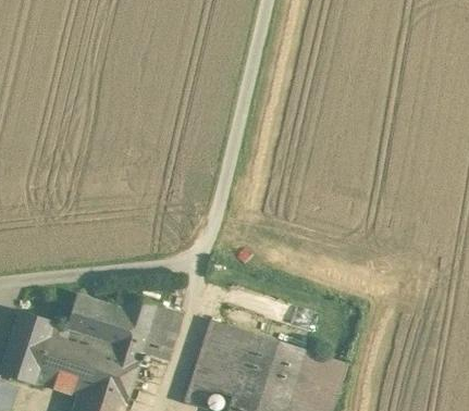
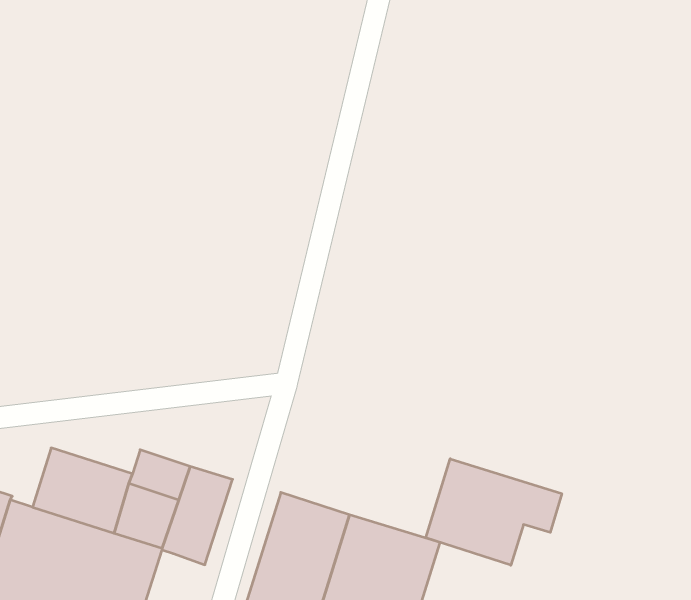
building: none -> [426,459,562,565]

